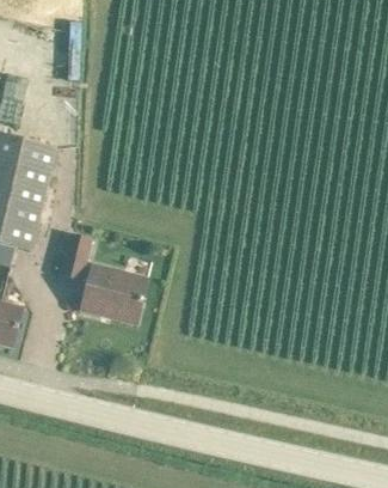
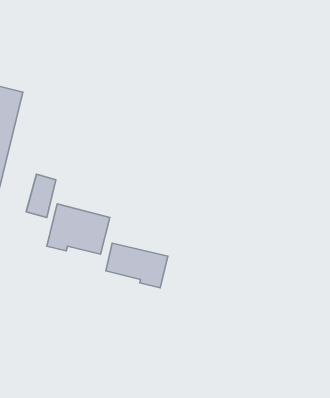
building: none -> [106,243,168,288]

